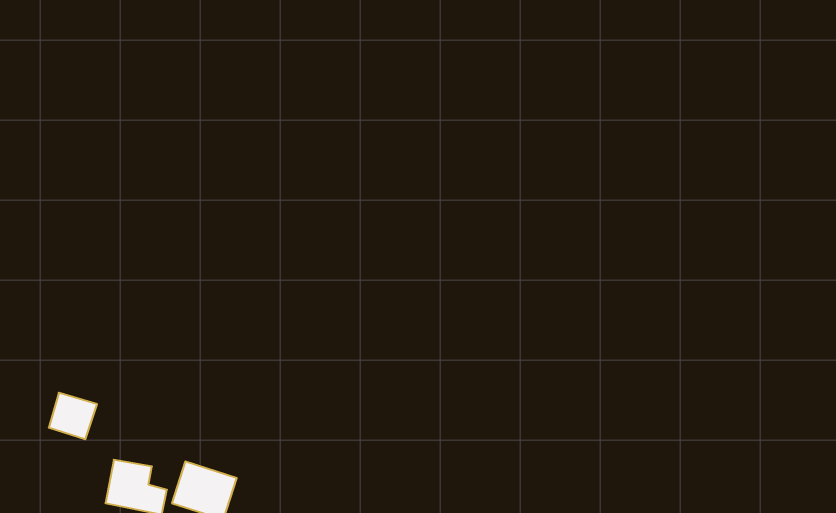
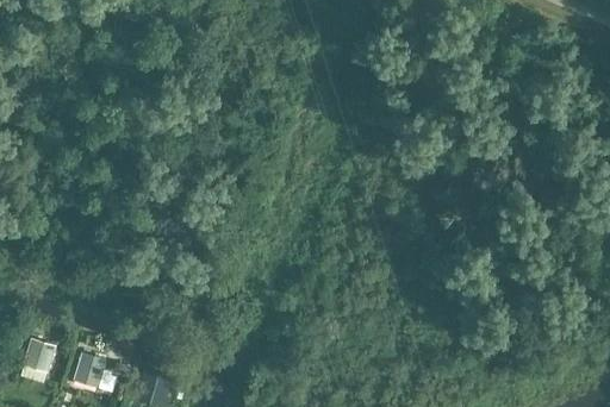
building: [49,393,97,439] -> [18,336,52,369]

